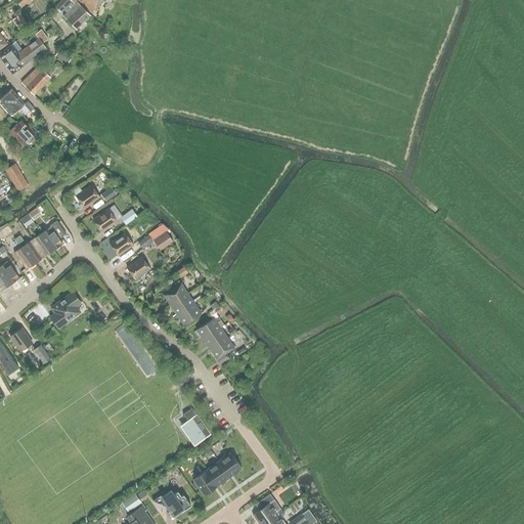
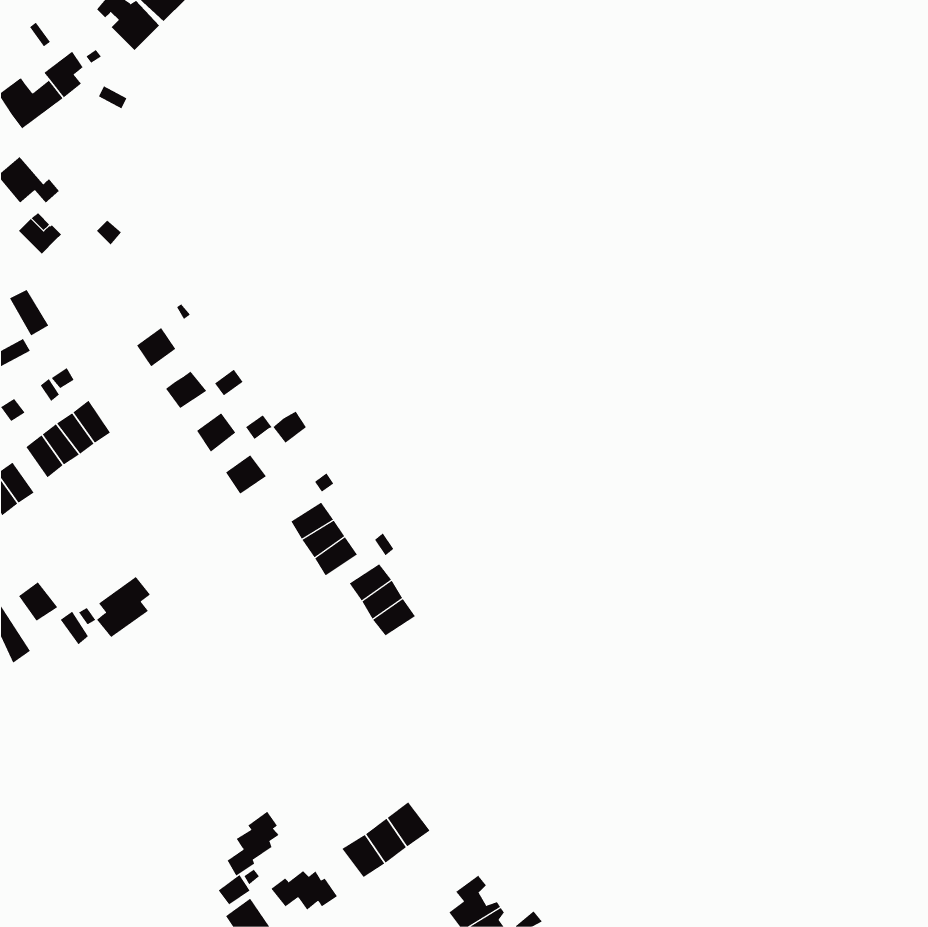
building: [21,64,50,94] -> none
building: [50,292,81,326] -> [96,576,151,638]
building: [182,409,211,447] -> none
building: none -> [227,811,279,877]

